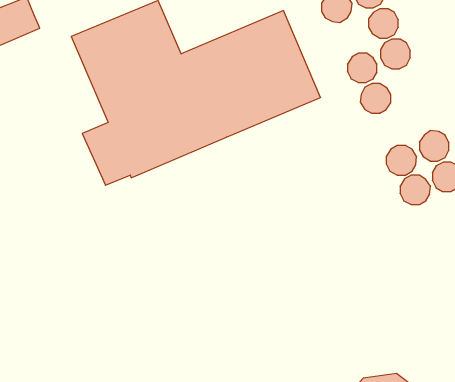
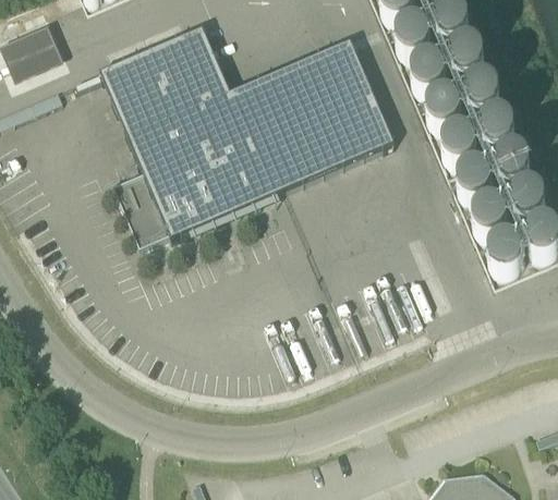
building: none -> [411,52,447,87]
building: none -> [480,108,515,143]
building: none -> [495,145,531,180]
building: none -> [456,161,492,197]

